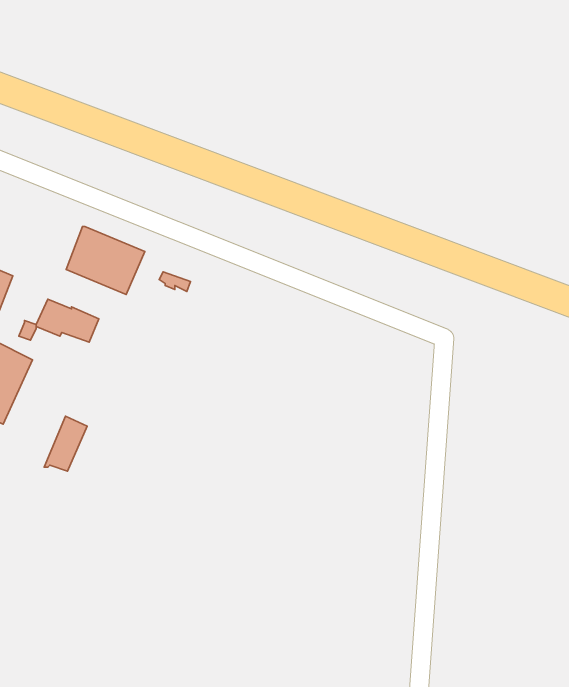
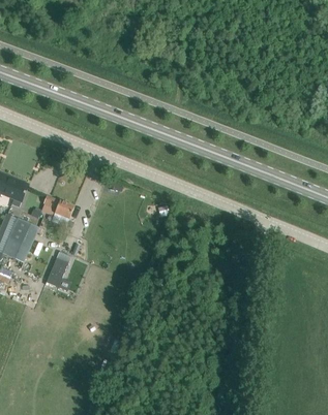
building: [66,226,145,295] -> none

